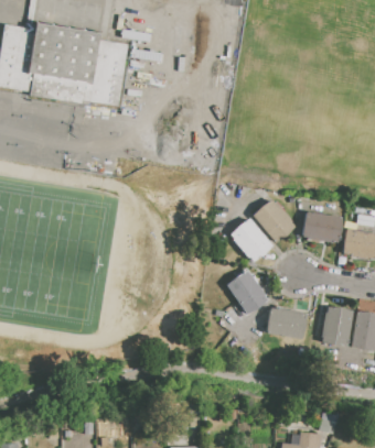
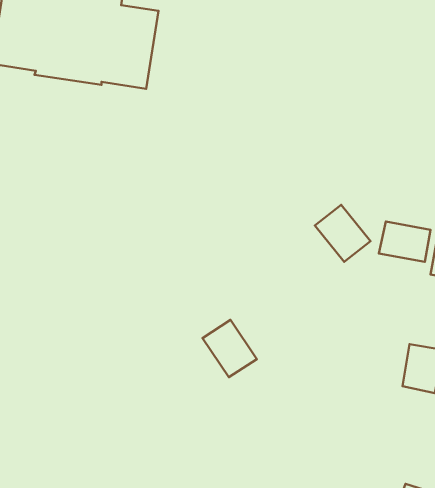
building: [231,217,275,262] -> none
building: [227,269,270,314] -> [203,320,257,377]
building: [268,308,306,338] -> none

